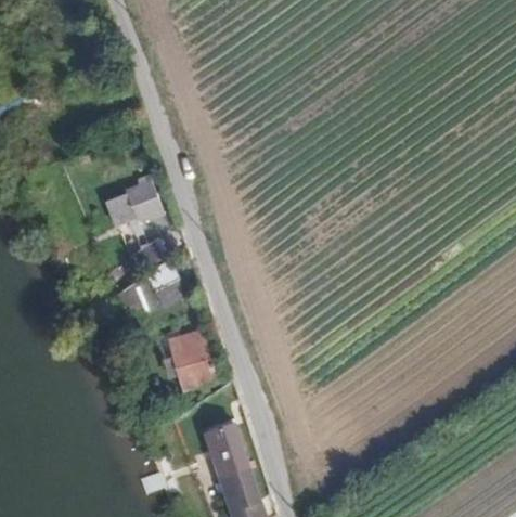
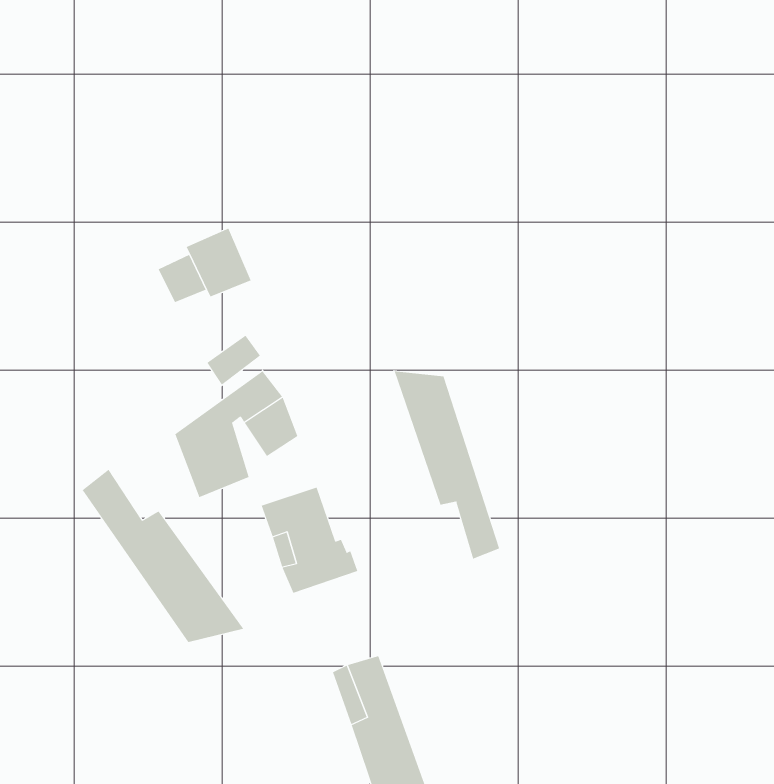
building: none -> [394,371,500,559]
building: none -> [82,469,244,643]

